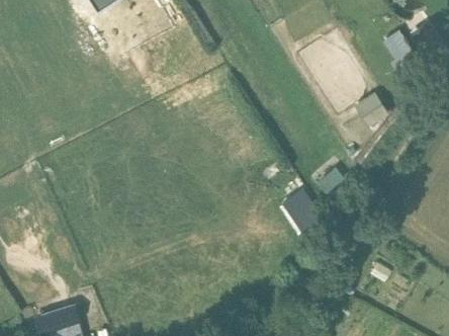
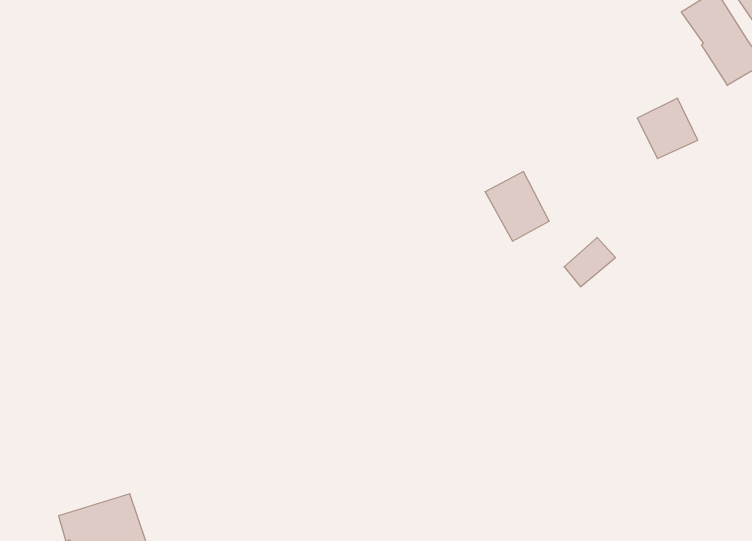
building: [286,187,322,226] -> [485,172,549,241]

